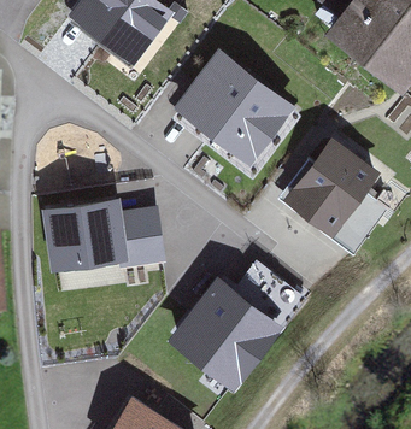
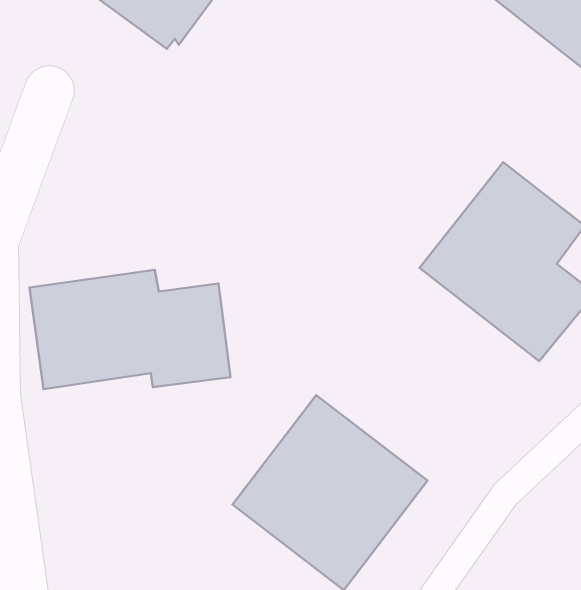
building: [170,48,295,169] -> none

